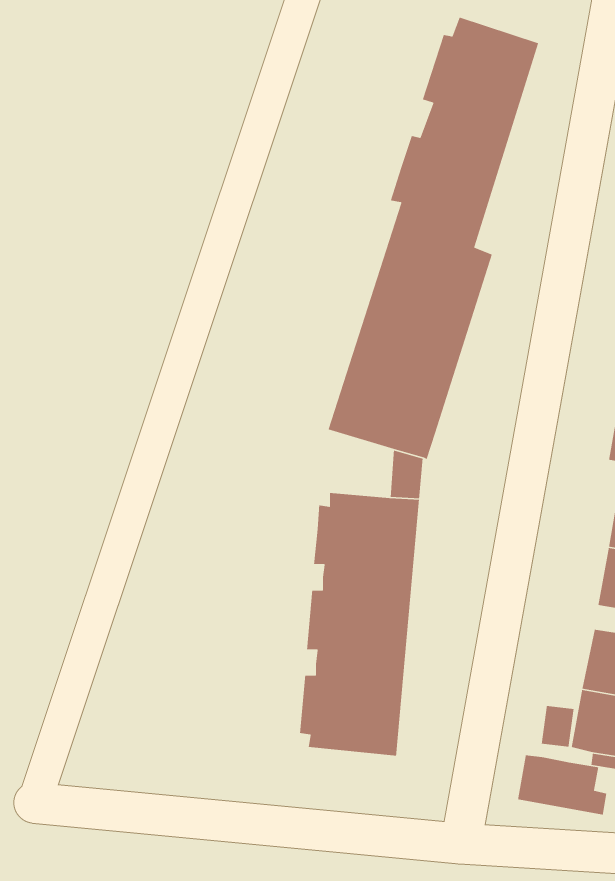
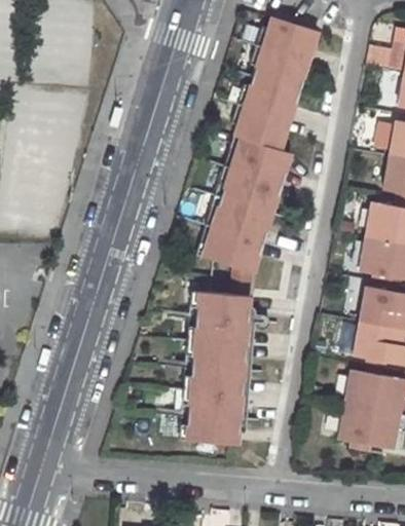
building: [517,754,607,815] -> none

